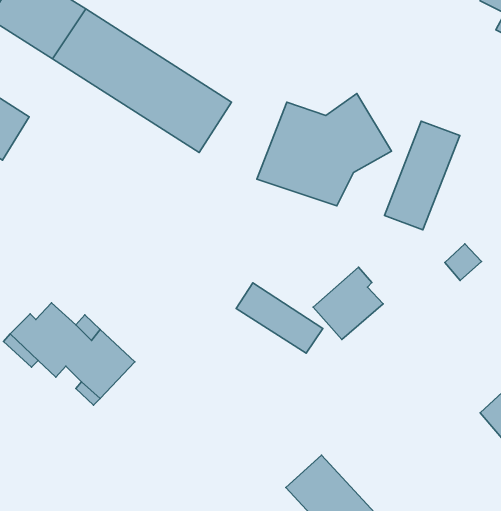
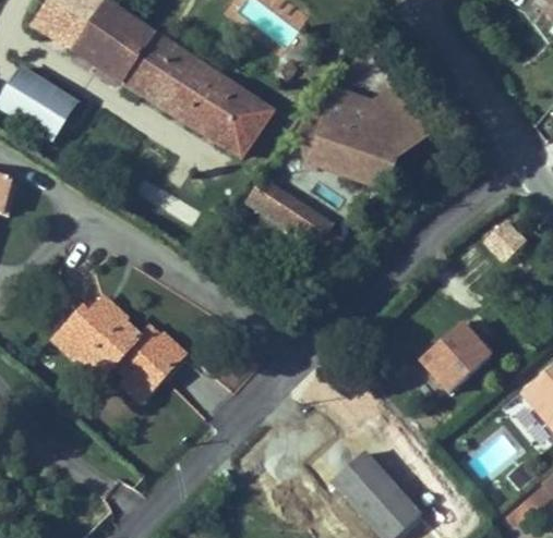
building: [384,121,460,230] -> none
building: [313,267,383,339] -> [417,335,485,406]
building: [236,283,323,353] -> [252,171,337,240]

